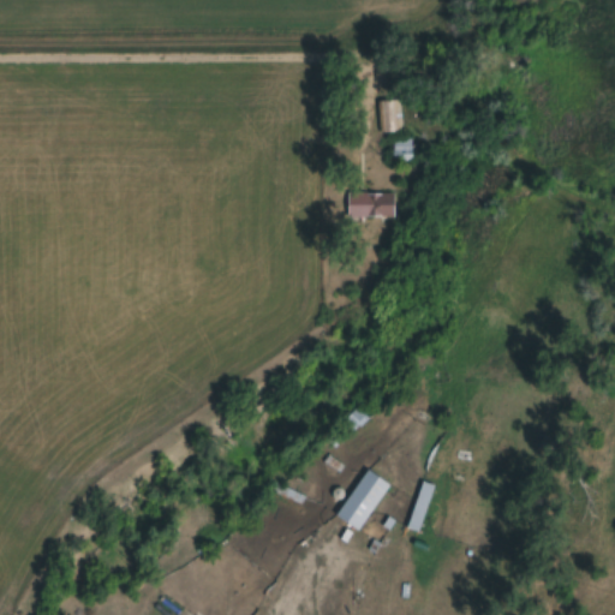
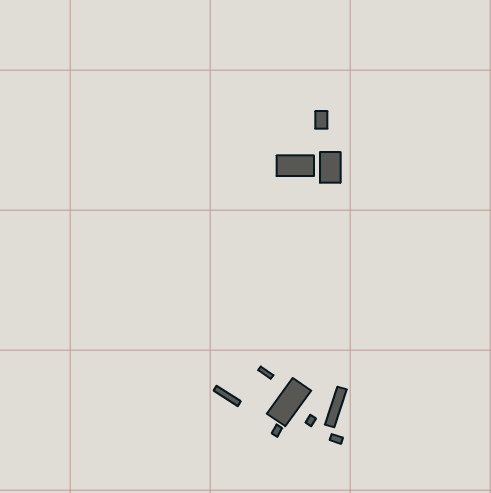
building: [380,100,402,131] -> none
building: none -> [320,152,340,183]

